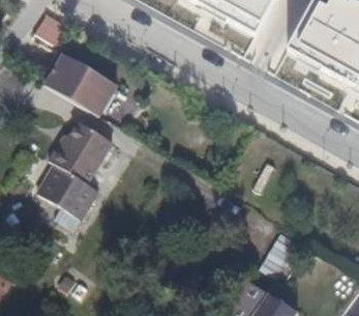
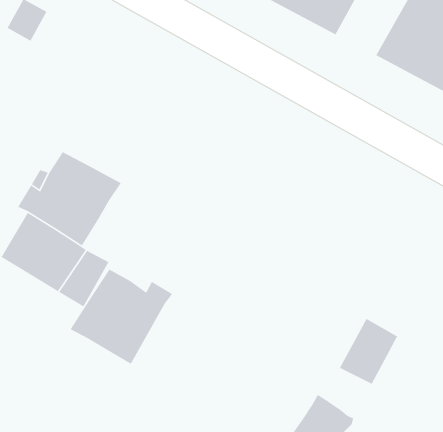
building: [46,53,117,117] -> none
building: none -> [70,269,173,365]

